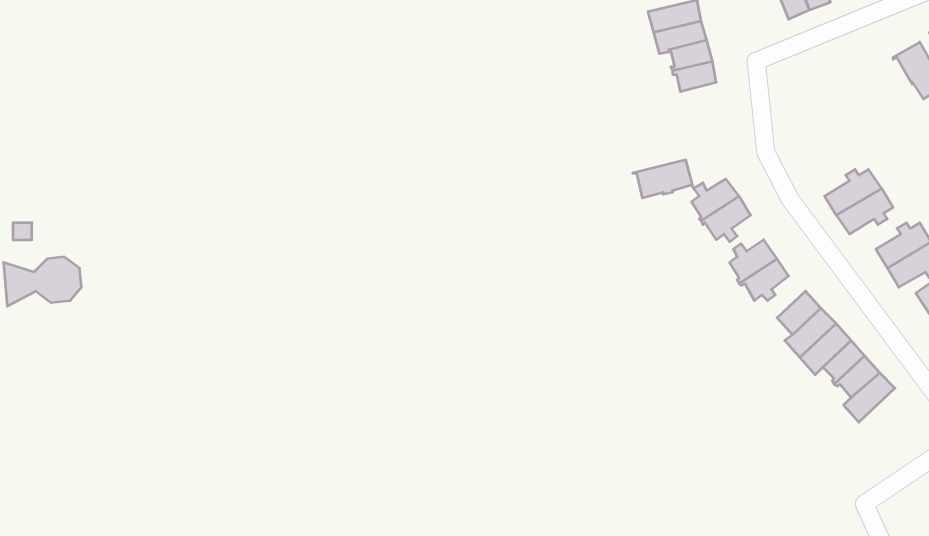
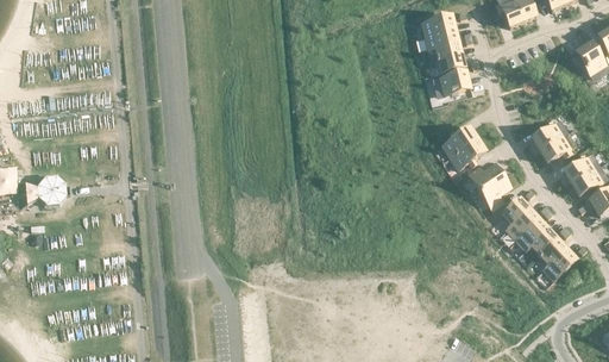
building: [633,160,693,198] -> [428,70,466,94]

